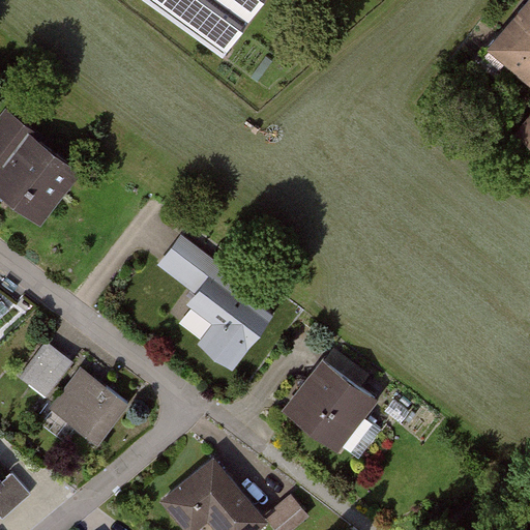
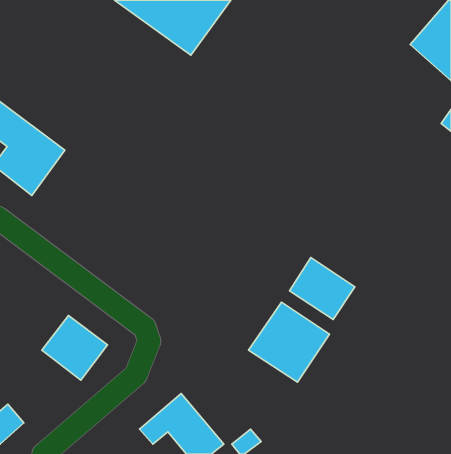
building: [161,232,282,365] -> none
building: none -> [290,257,355,319]
building: [23,345,68,391] -> none

